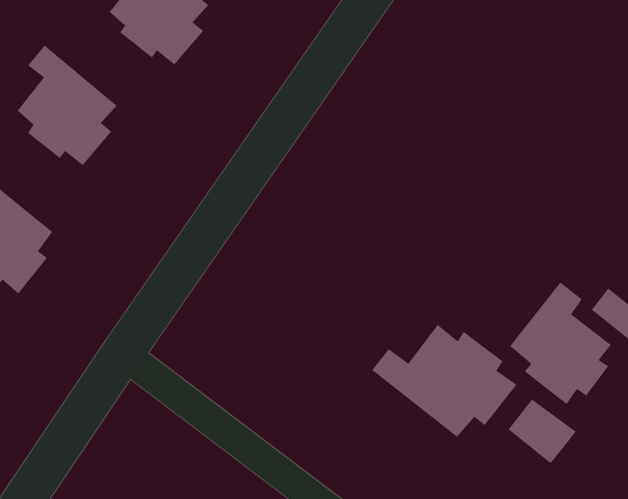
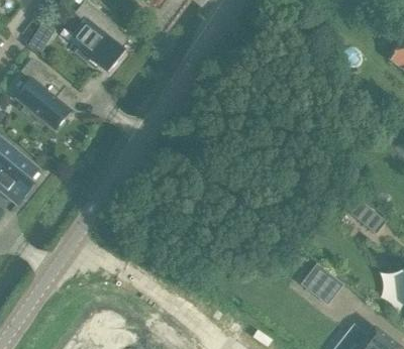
building: [509,282,612,405] -> none
building: [371,324,517,438] -> none

